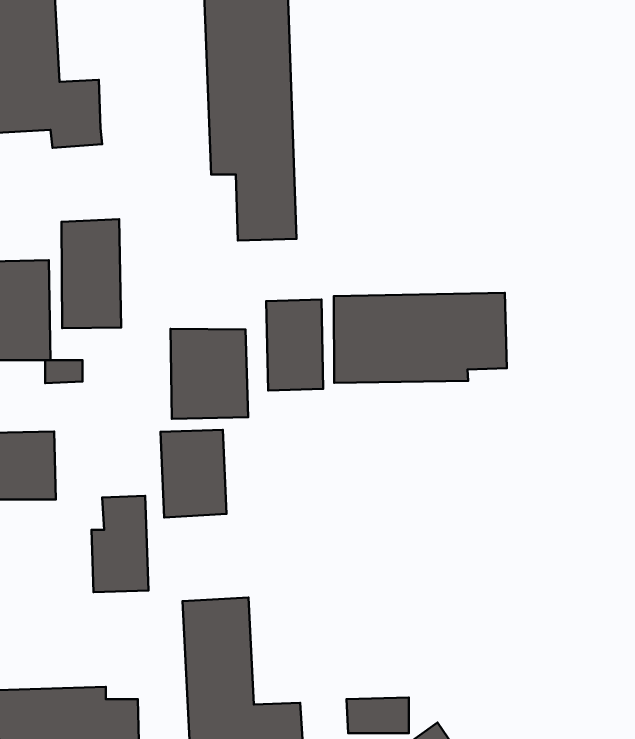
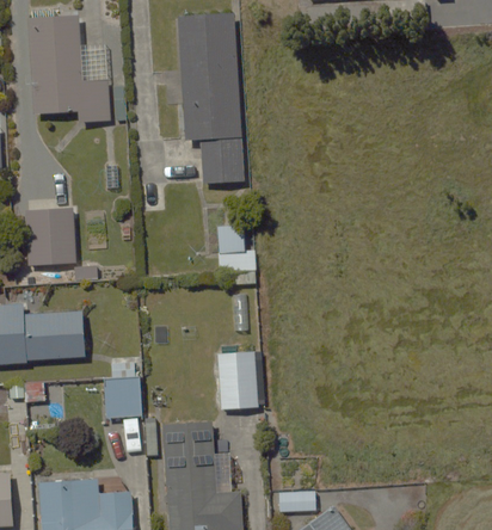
building: [62,219,121,328] -> none
building: [334,293,507,383] -> none
building: [171,329,248,419] -> none
building: [161,430,227,517] -> [216,350,260,408]

